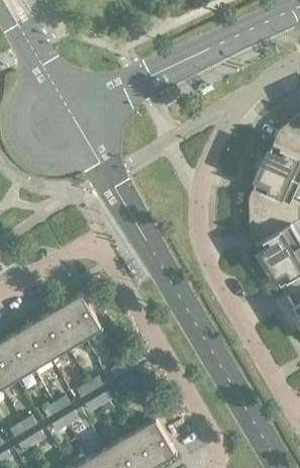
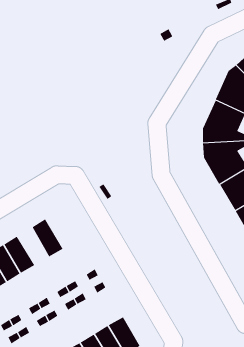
building: [64,294,102,340] -> none
building: [30,314,68,359] -> none

